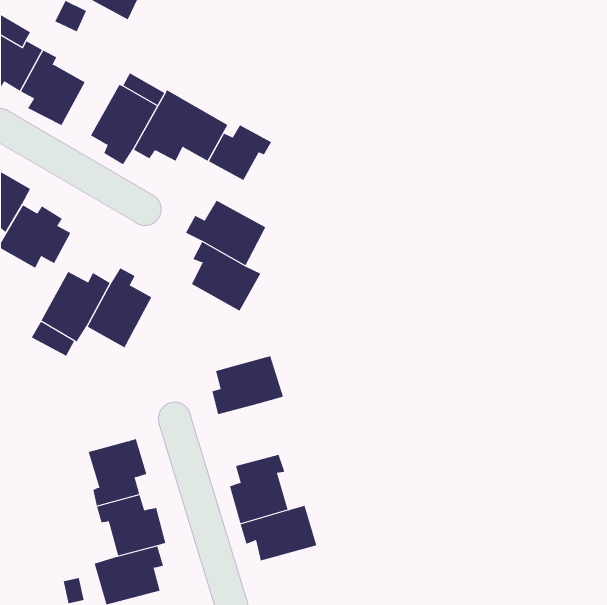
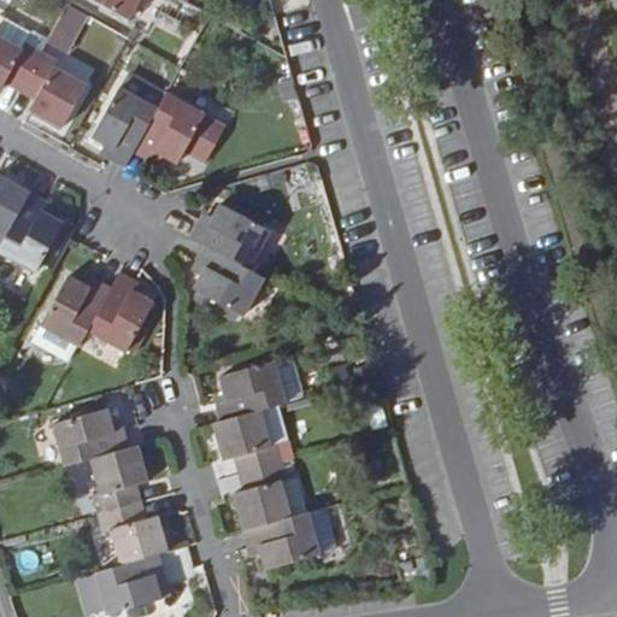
building: [208,124,272,181] -> none
building: none -> [51,407,130,465]
building: none -> [212,410,283,472]

